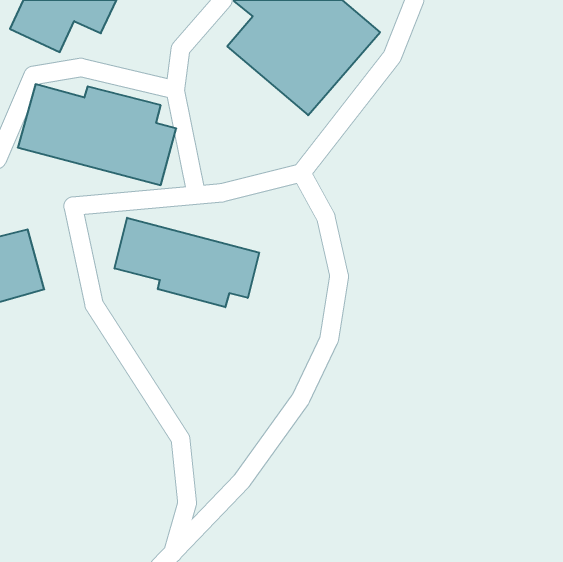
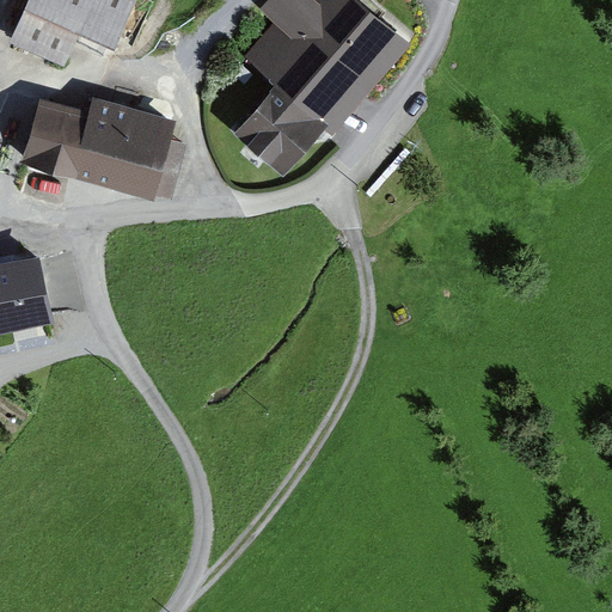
building: none -> [230,80,322,171]
building: [115,218,259,307] -> none

